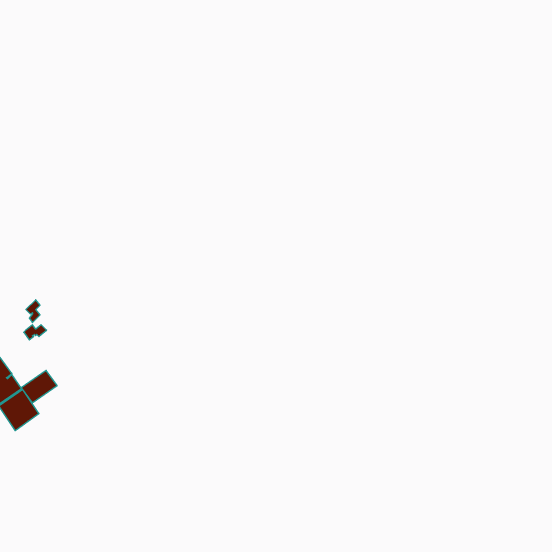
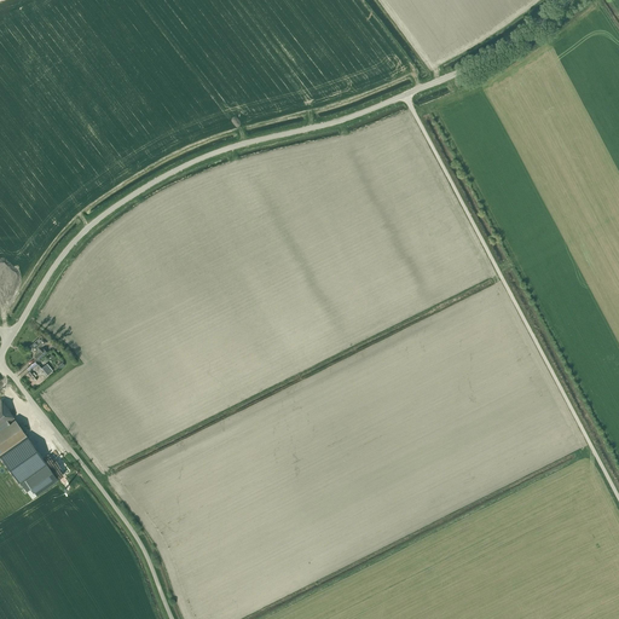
building: [21,370,57,403] -> [17,462,57,498]

